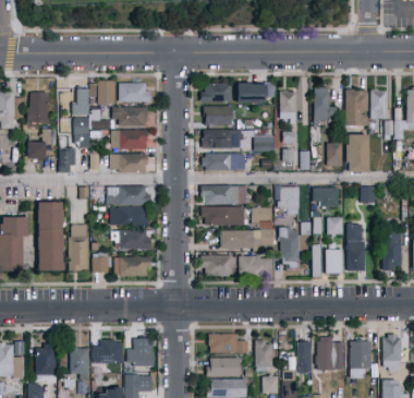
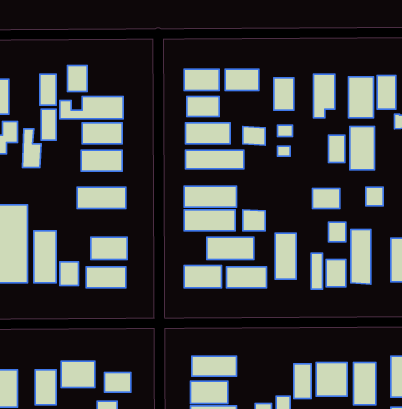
building: [120,83,150,101] -> none
building: [277,186,300,215] -> none
building: [110,207,149,225] -> none
building: [255,339,272,370] -> none

